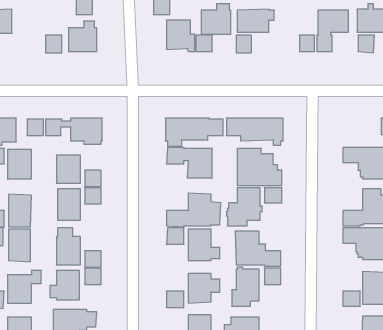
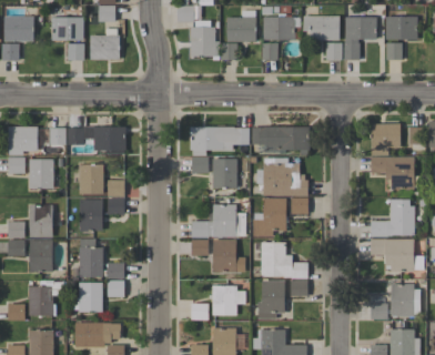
building: none -> [303,14,340,40]
building: none -> [51,17,83,40]
building: none -> [371,123,401,155]

